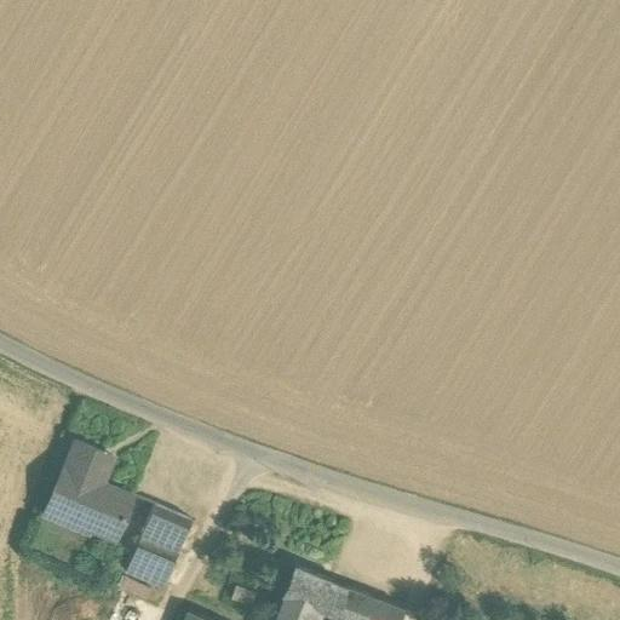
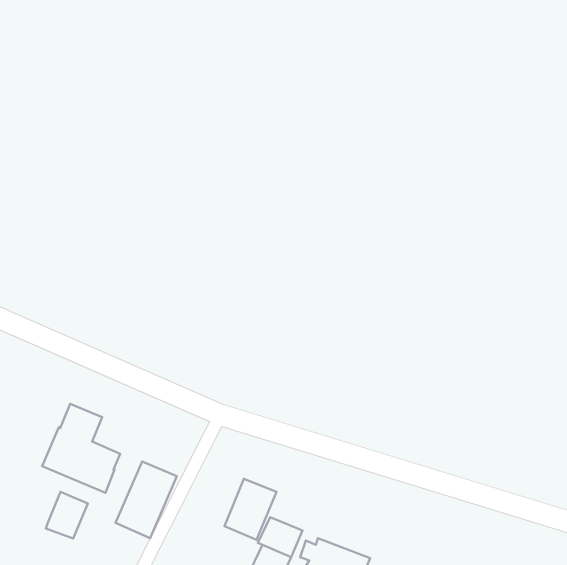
building: none -> [224,479,276,540]
building: none -> [46,492,88,538]

